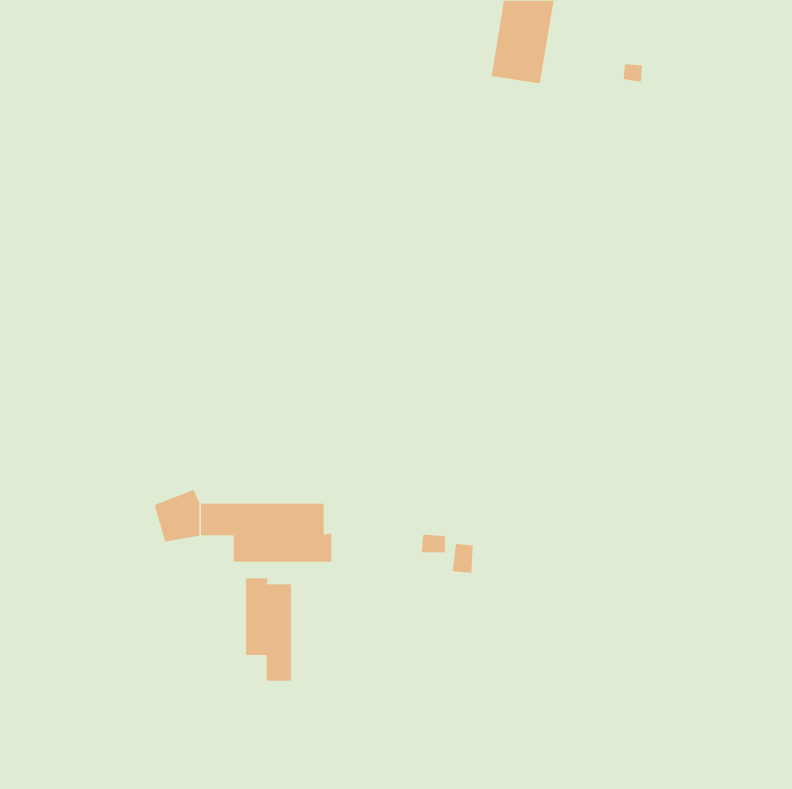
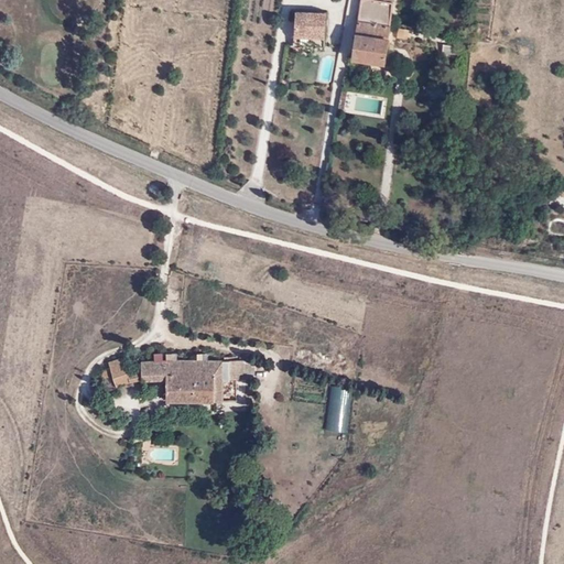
building: none -> [294,14,324,47]
building: [245,577,292,682] -> none

